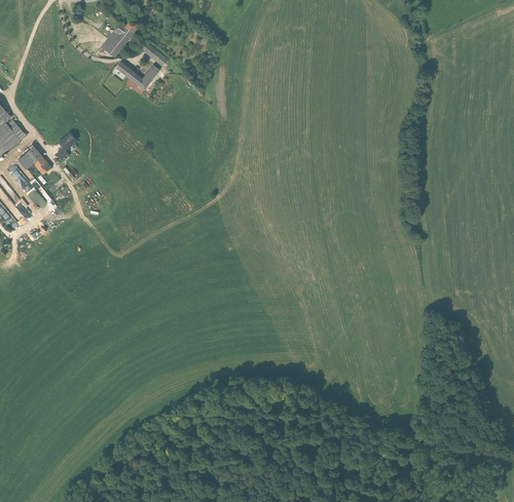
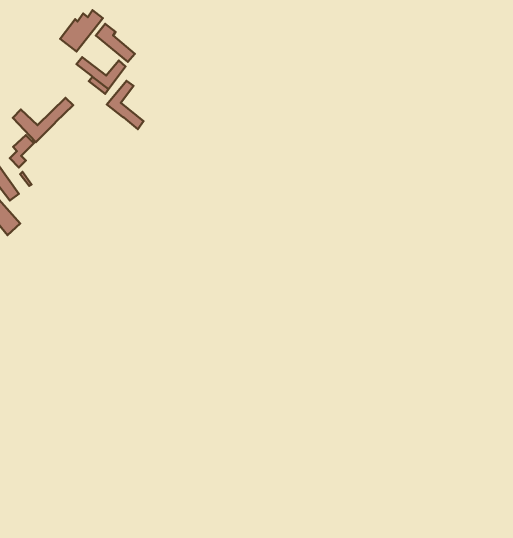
building: none -> [107,81,144,129]
building: none -> [13,98,73,142]

